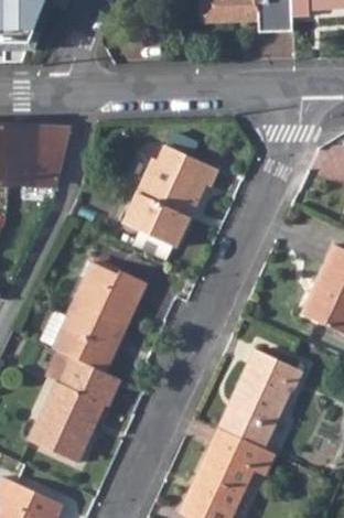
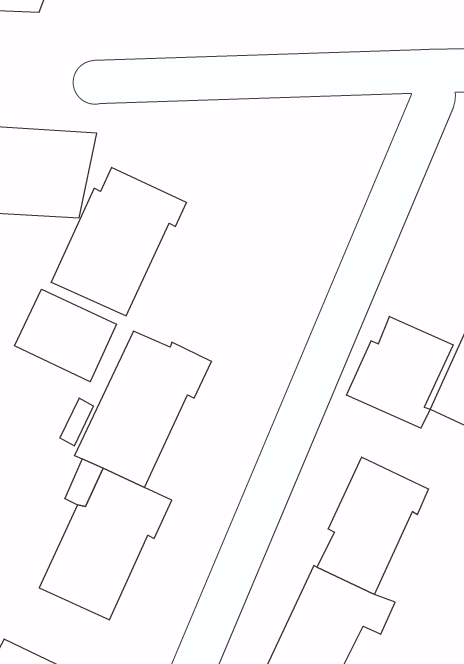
building: [125,147,218,249] -> [51,167,187,316]
building: none -> [15,289,116,382]
building: none -> [347,316,453,428]

